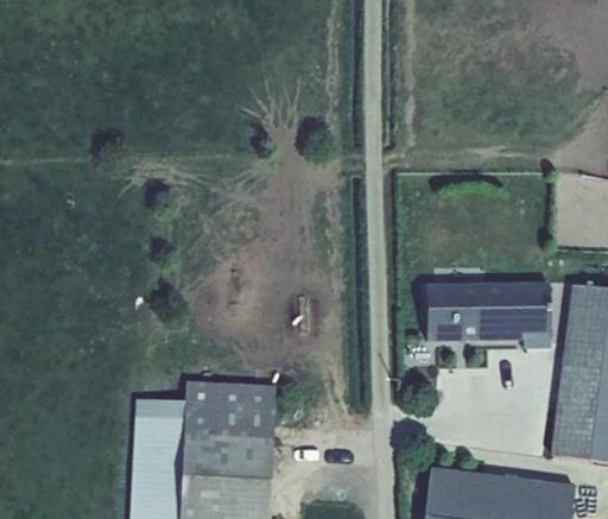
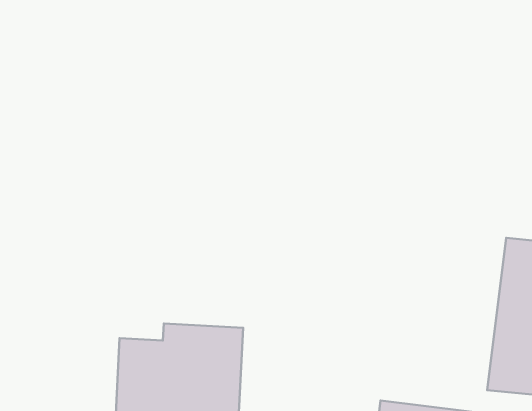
building: [425,285,550,348] -> none

